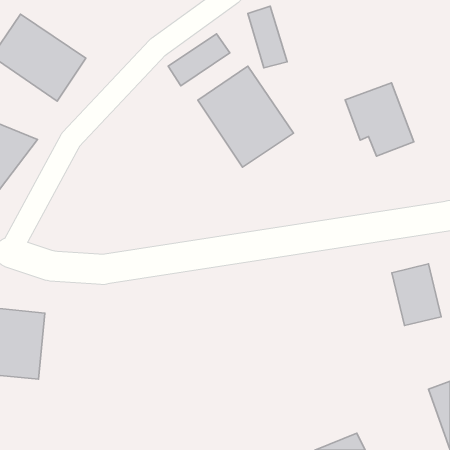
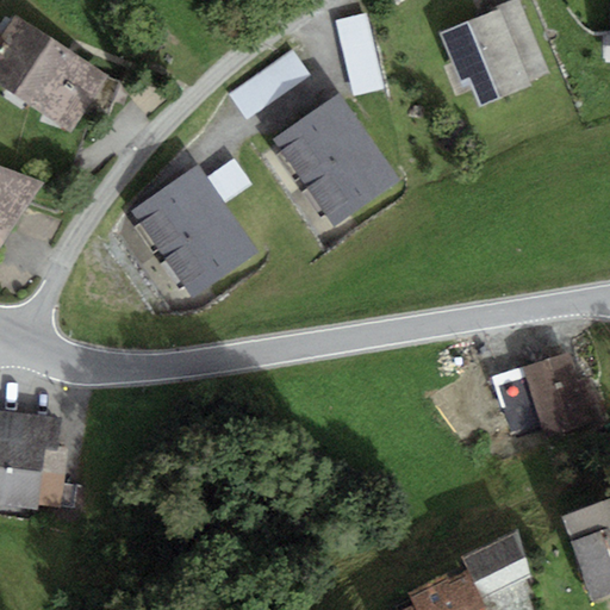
building: [345,83,414,156] -> [438,8,530,106]
building: none -> [132,164,264,300]
building: none -> [471,534,535,591]

